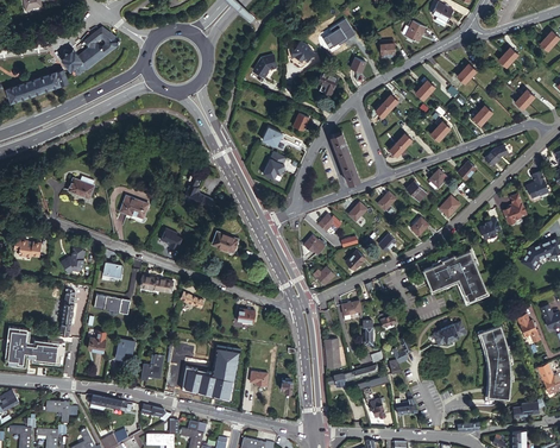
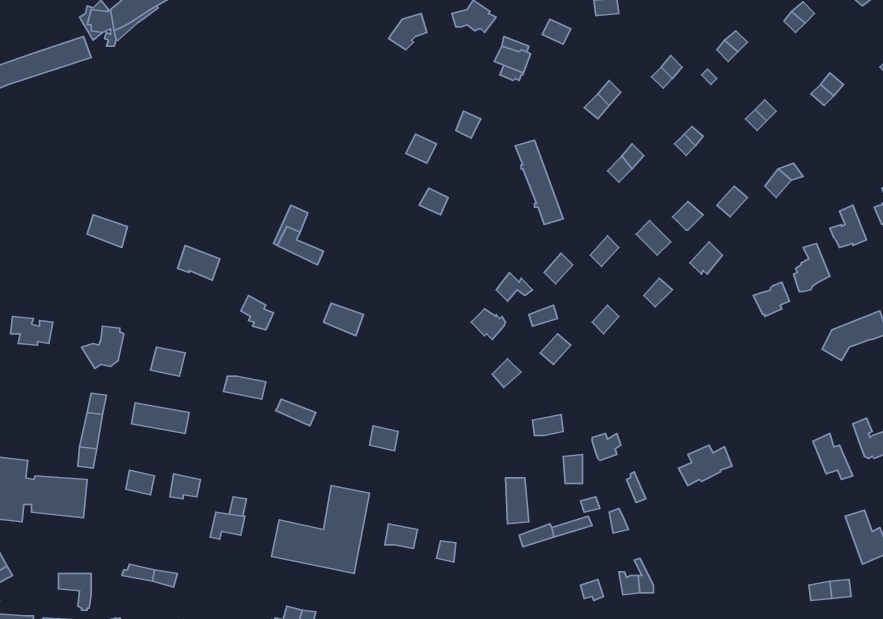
building: [420,251,486,302] -> none
building: [478,324,510,397] -> none

